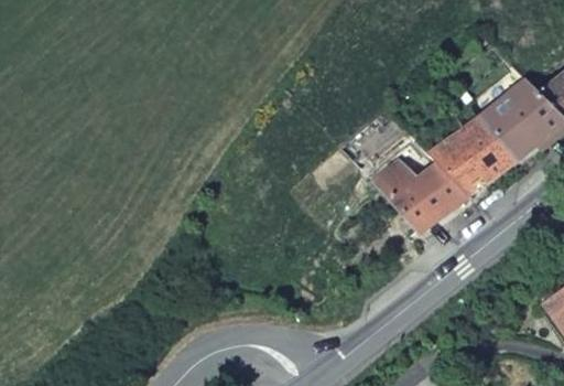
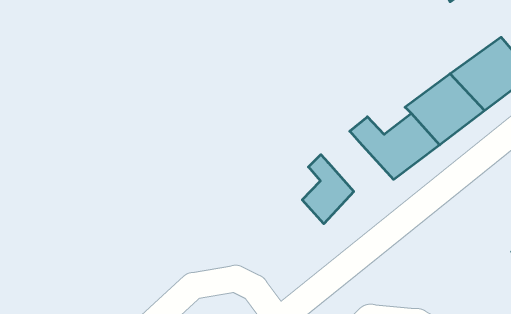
building: none -> [302,155,354,224]

